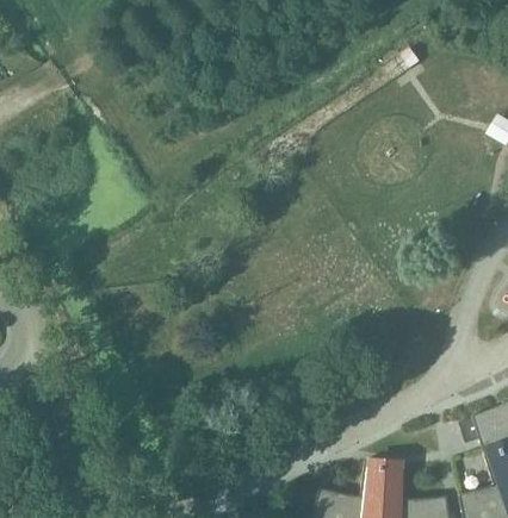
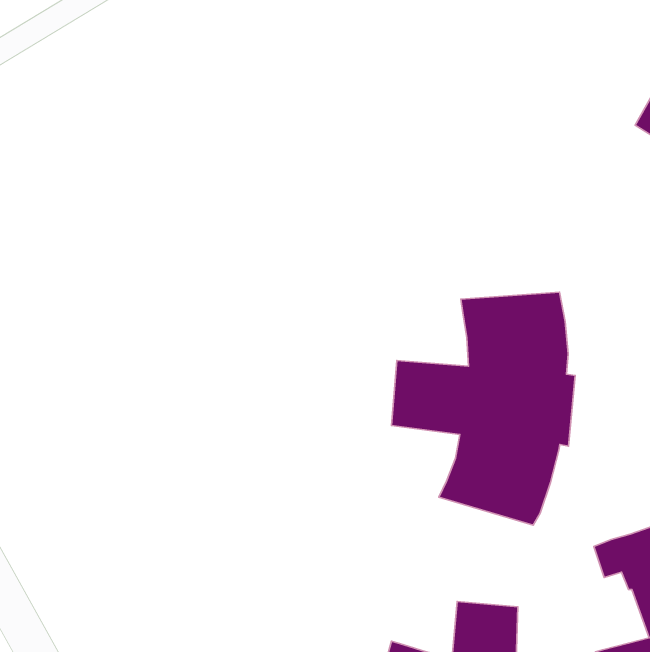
building: none -> [391,292,575,525]

